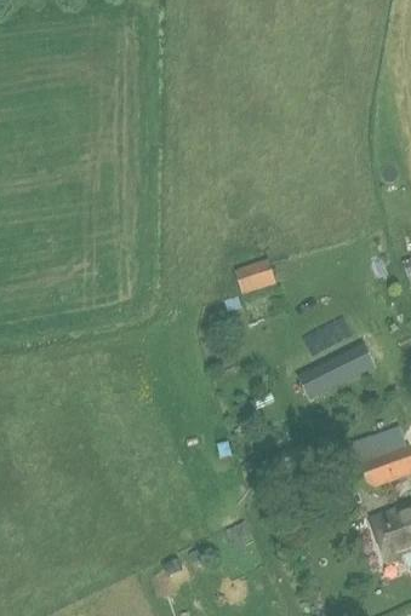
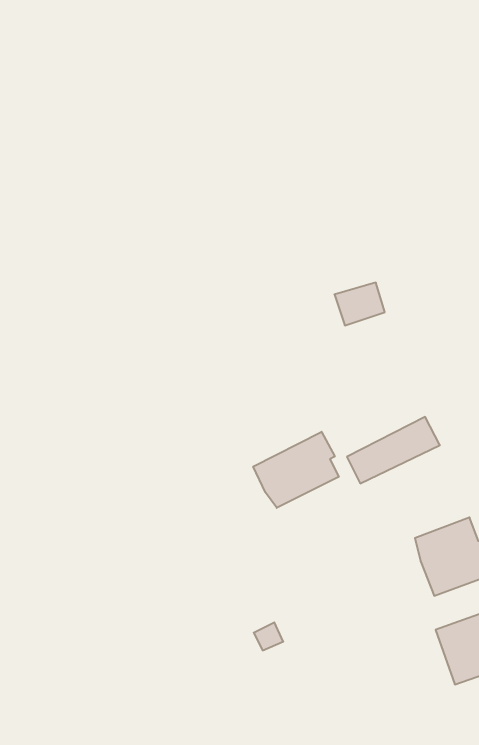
building: [233,259,274,294] -> [334,283,385,325]
building: none -> [253,432,339,508]

